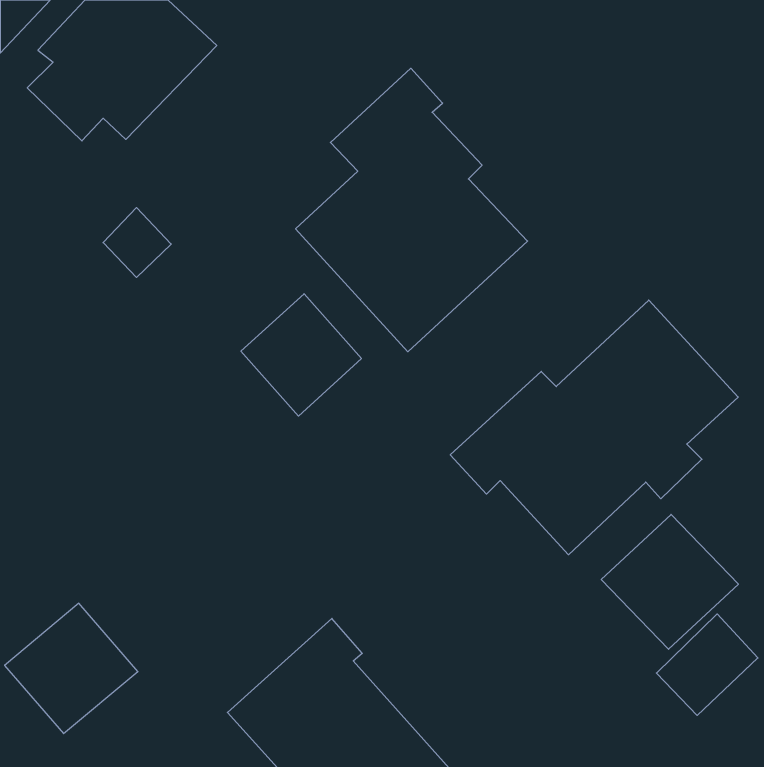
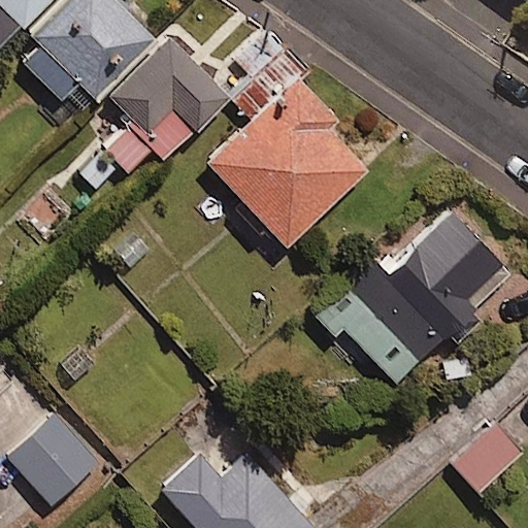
building: none -> [105,39,226,170]
building: [241,294,361,416] -> none
building: [601,514,738,649] -> none

